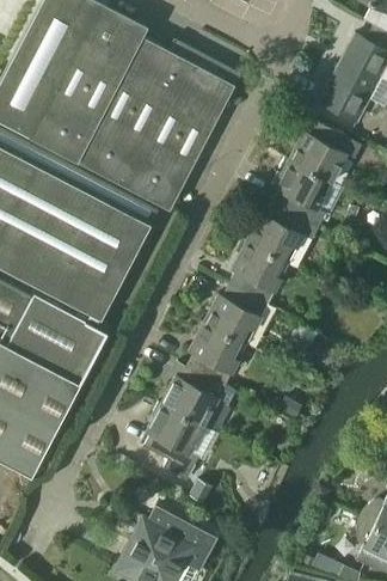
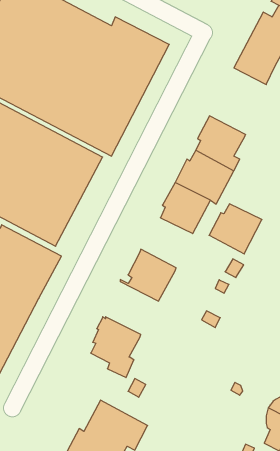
building: [288,121,361,183] -> none
building: [203,285,268,345] -> [209,204,262,254]
building: [161,362,235,427] -> none

